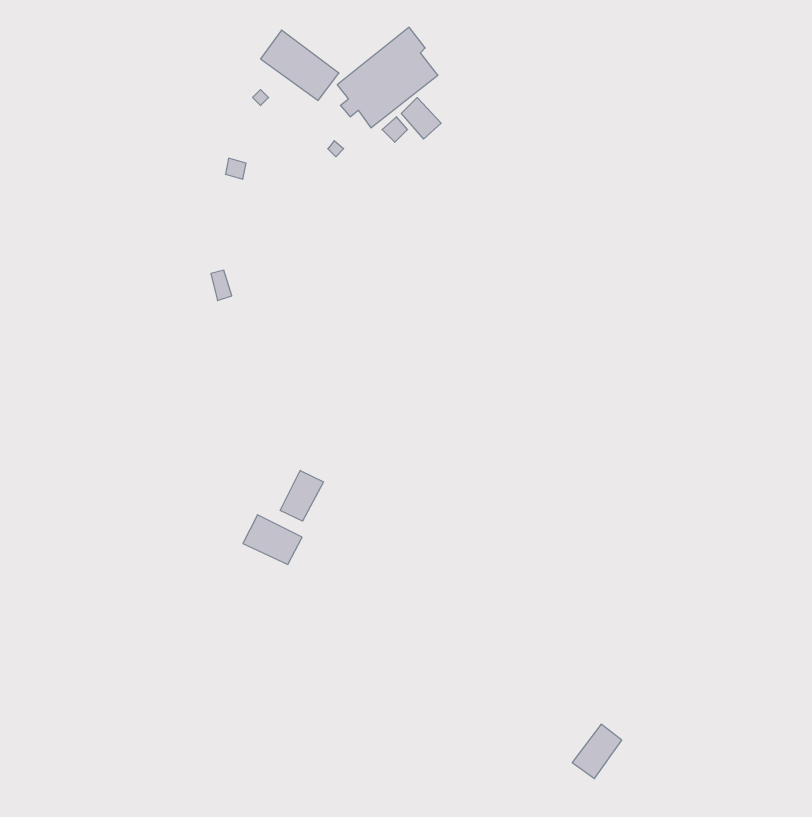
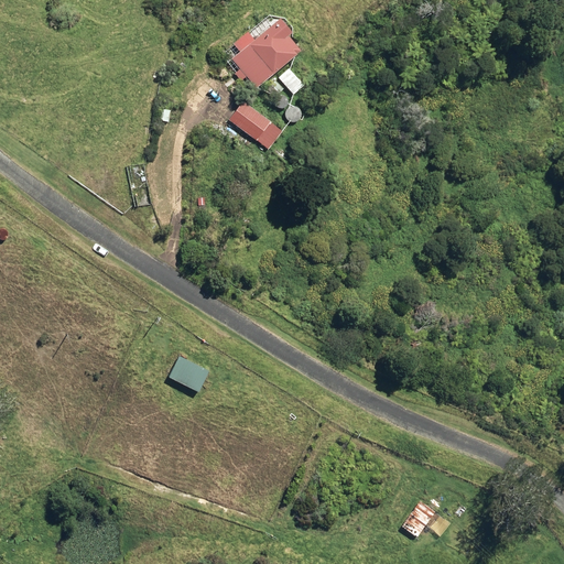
building: [261,30,339,100] -> [228,101,282,150]
building: [280,470,323,521] -> none

